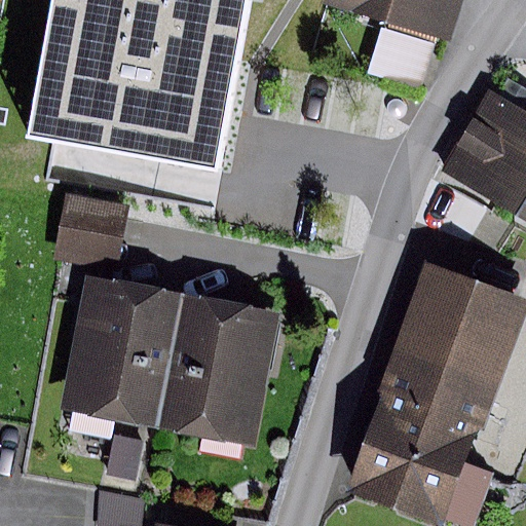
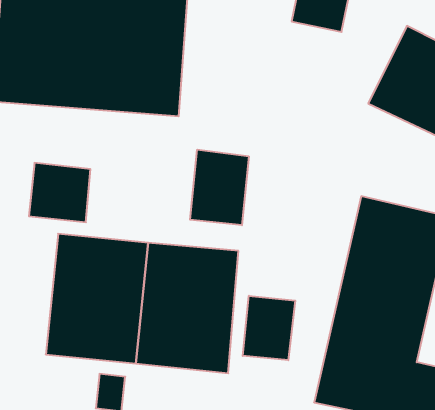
building: none -> [190,150,249,225]
building: none -> [243,296,295,360]

